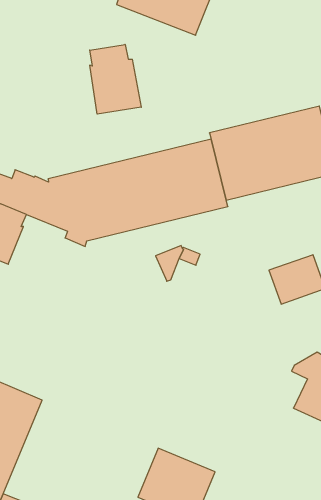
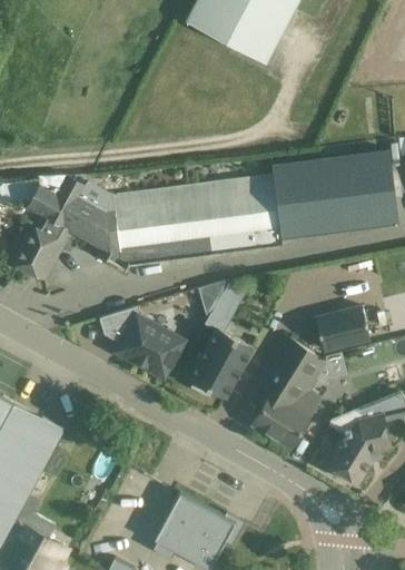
building: [90,44,141,114] -> none
building: none -> [101,304,185,375]
building: none -> [190,327,254,397]
building: none -> [249,335,330,446]

